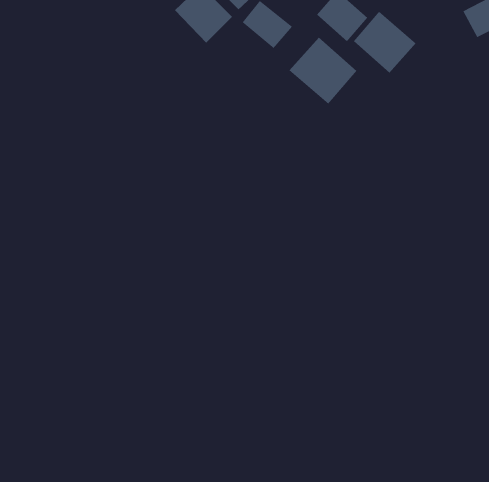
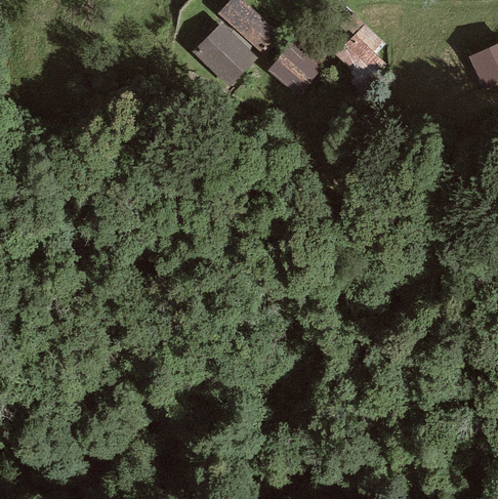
building: [353,11,417,73] -> none
building: [289,37,357,105] -> none

